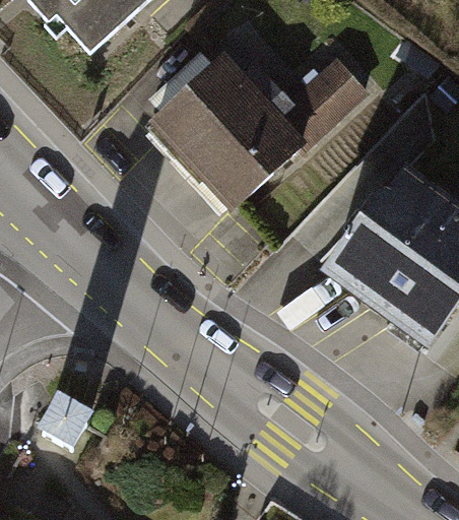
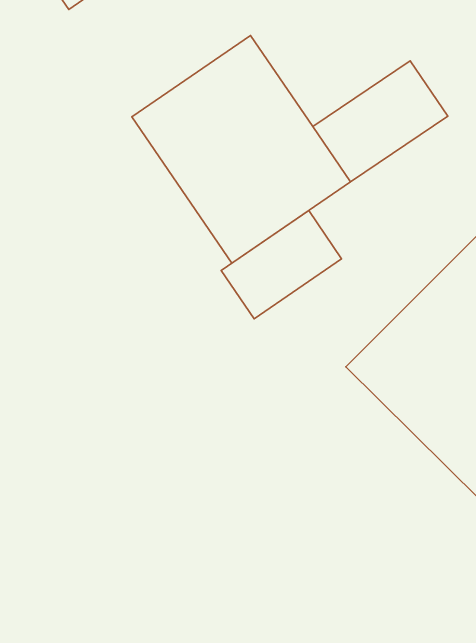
building: none -> [221,211,341,319]

